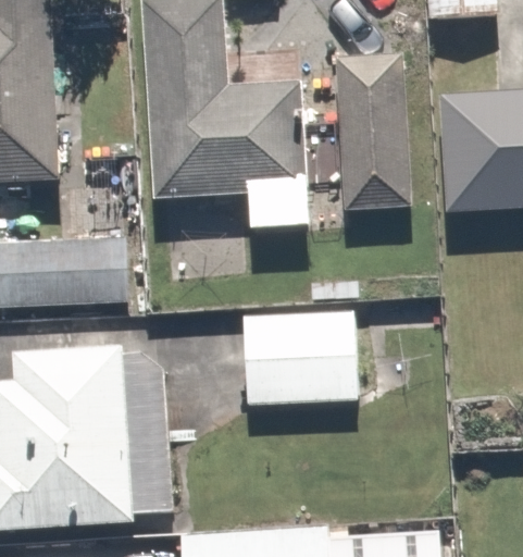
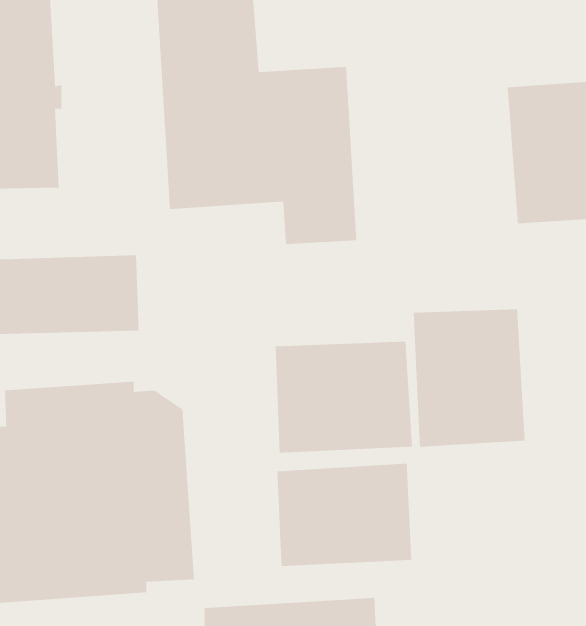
building: [333,52,412,210] -> none
building: none -> [413,308,525,448]
building: none -> [277,463,412,567]

